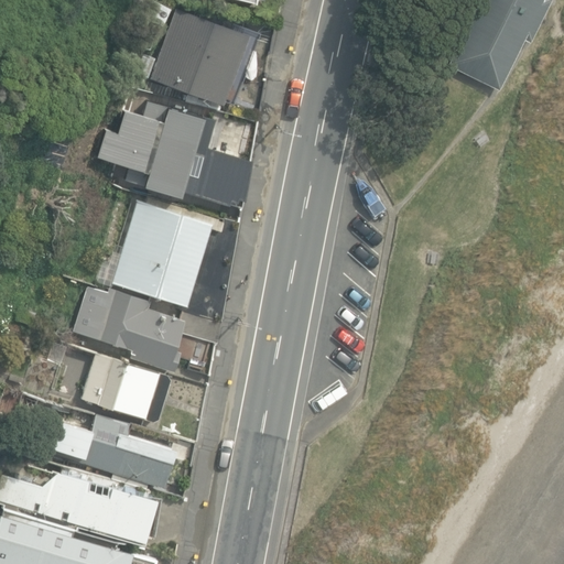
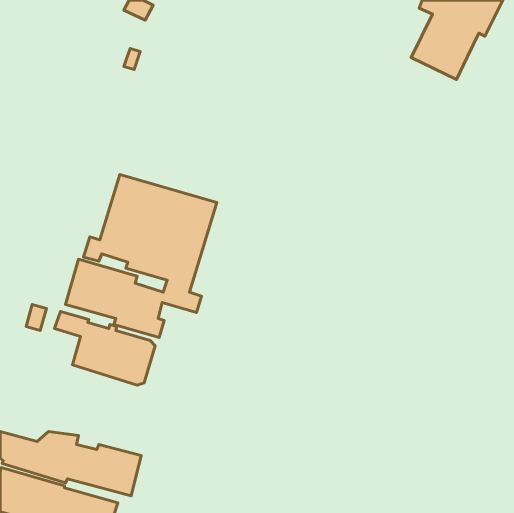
building: [151,9,249,105] -> none
building: [96,101,247,206] -> none
building: [57,402,177,488] -> none

